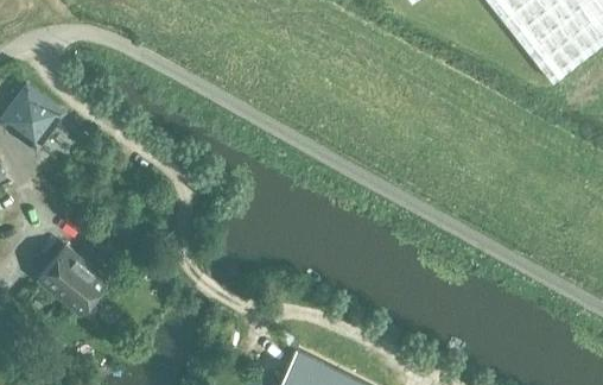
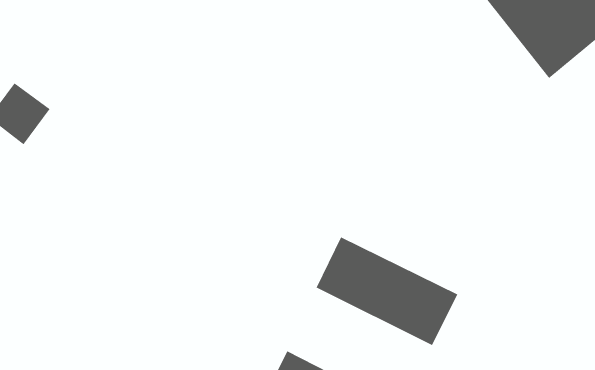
building: none -> [316,236,458,346]
building: [39,245,108,313] -> none

